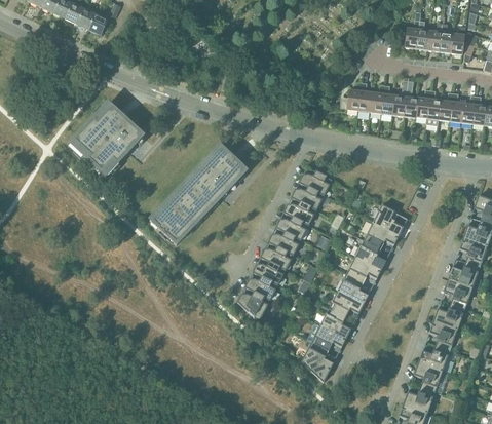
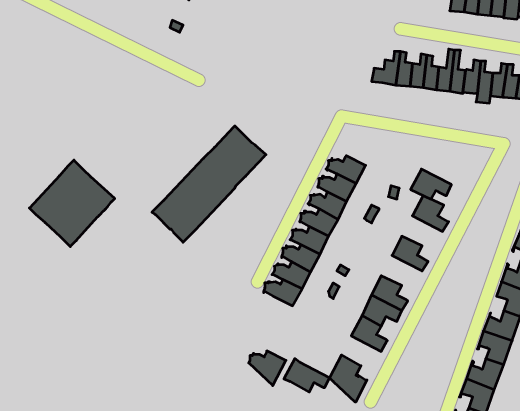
building: [70,102,143,176] -> [29,160,115,247]
building: [363,222,398,247] -> [411,169,451,199]
building: [345,256,380,281] -> none
building: [237,291,269,320] -> [249,351,286,386]
building: [306,321,345,350] -> [284,359,330,392]

